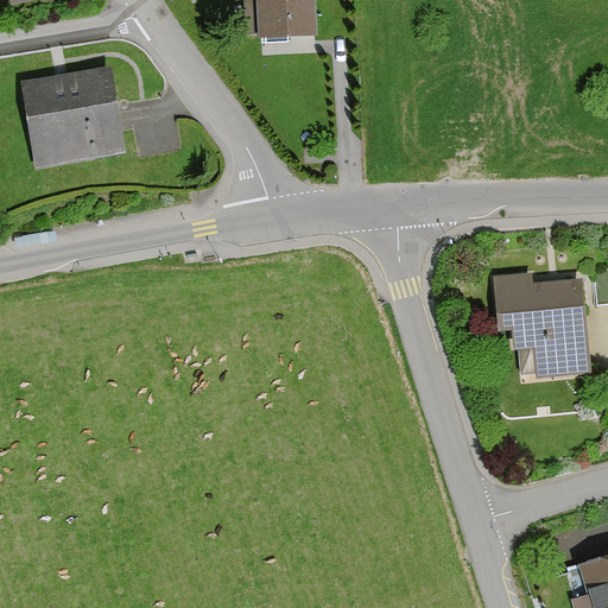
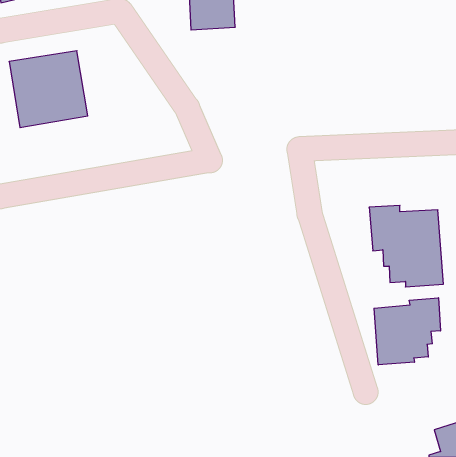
building: none -> [374,298,440,365]

